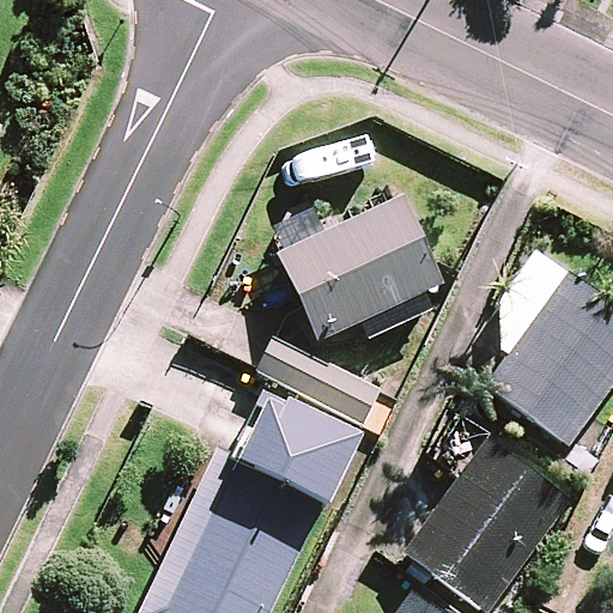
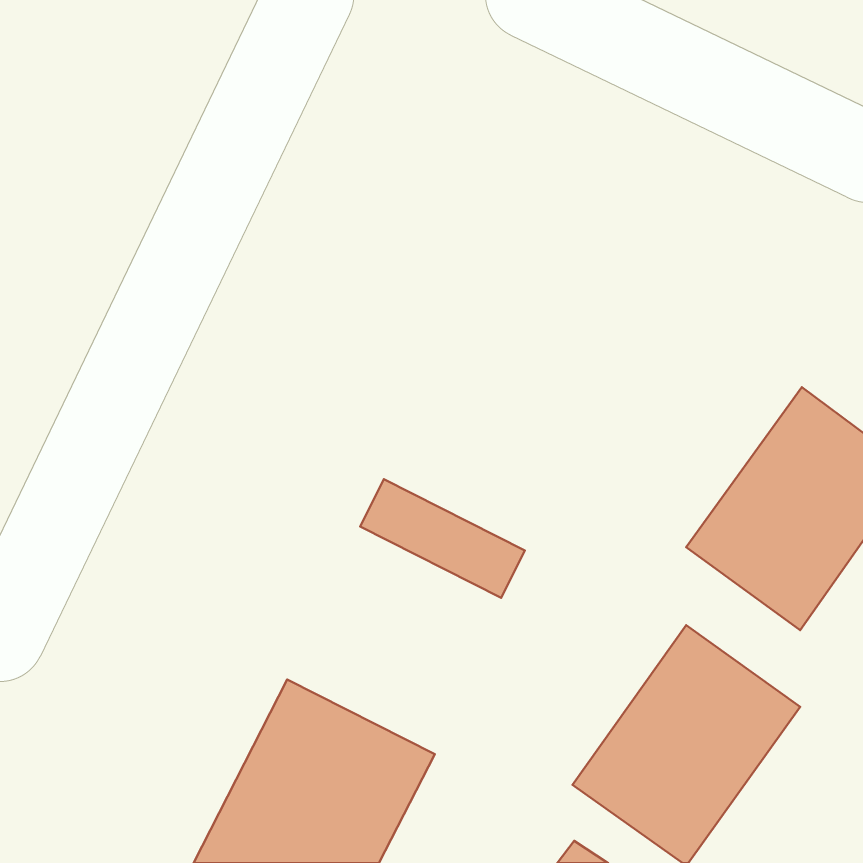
building: [278,200,445,342] -> none
building: [231,393,356,502] -> none

